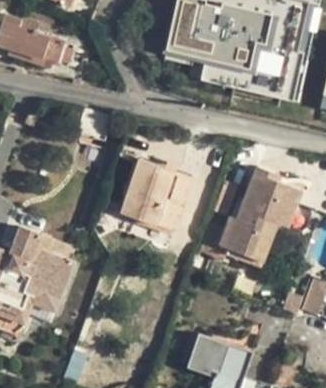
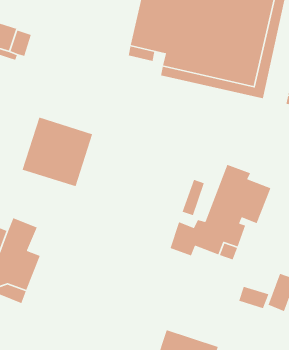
building: [121,159,192,229] -> [22,117,93,187]

